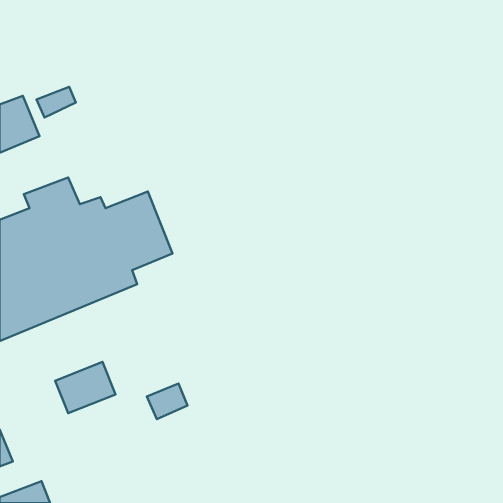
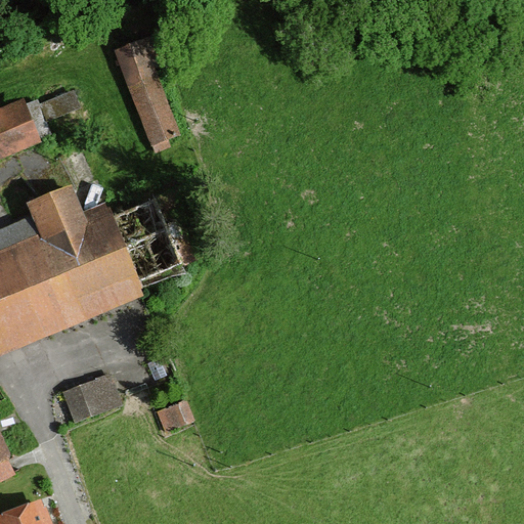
building: none -> [114,37,180,145]

